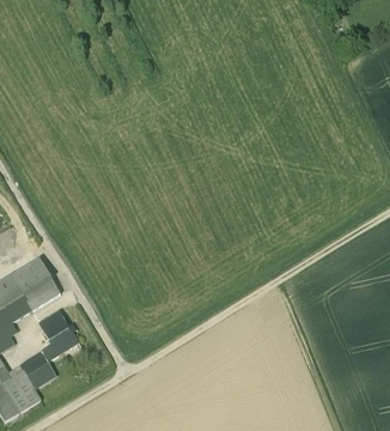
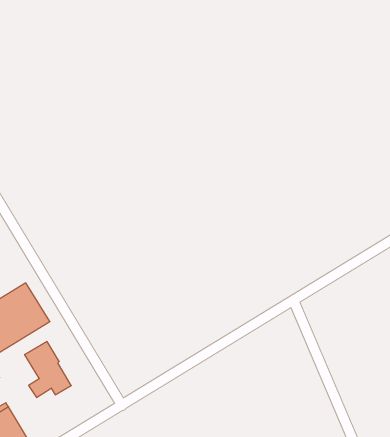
building: [22,350,55,386] -> none

